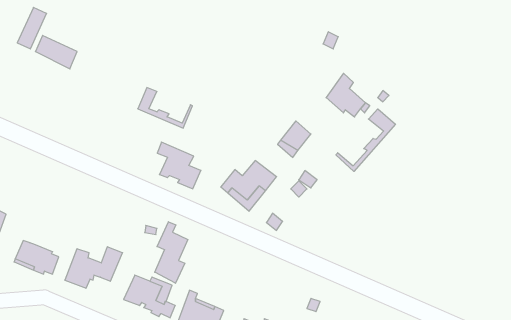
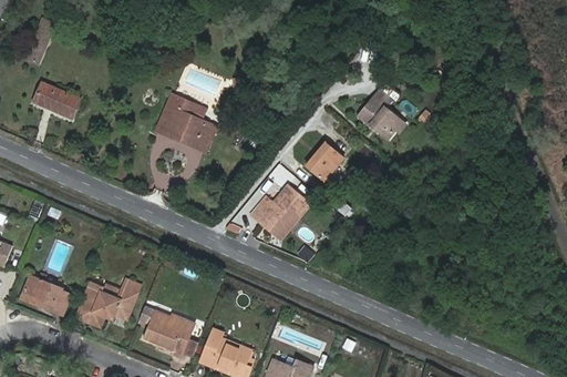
building: [35,35,77,69] -> [34,84,80,121]
building: [336,109,395,171] -> none
building: [157,142,201,189] -> [166,94,214,145]
building: [155,222,188,283] -> none

